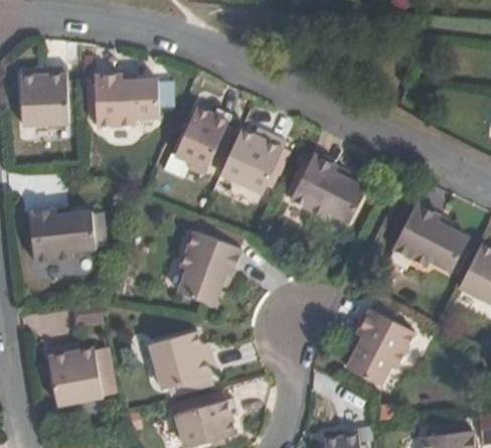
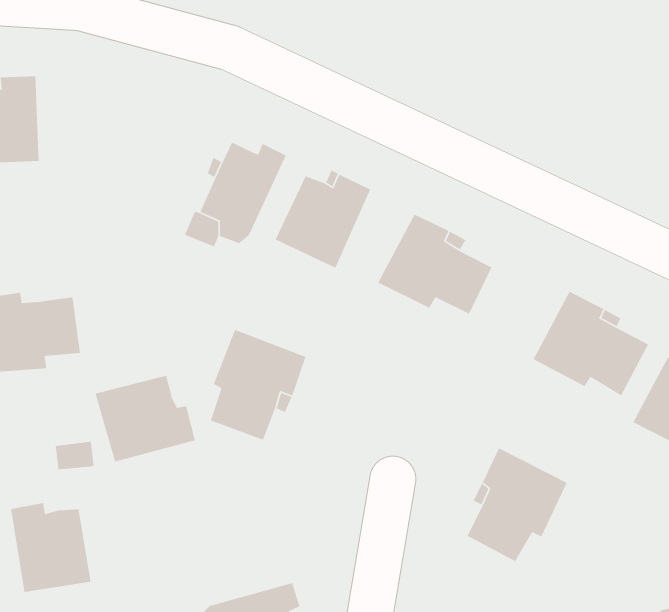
building: [94,74,157,127] -> none
building: [153,331,219,389] -> [95,375,196,462]

